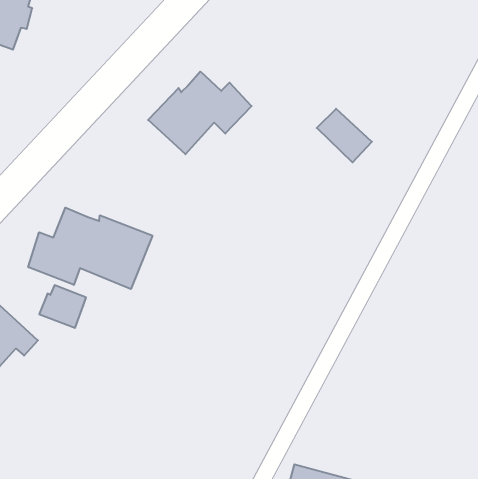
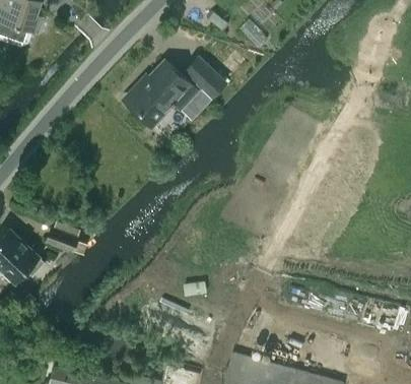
building: [317,109,372,162] -> [186,58,226,98]
building: [28,208,152,289] -> none

